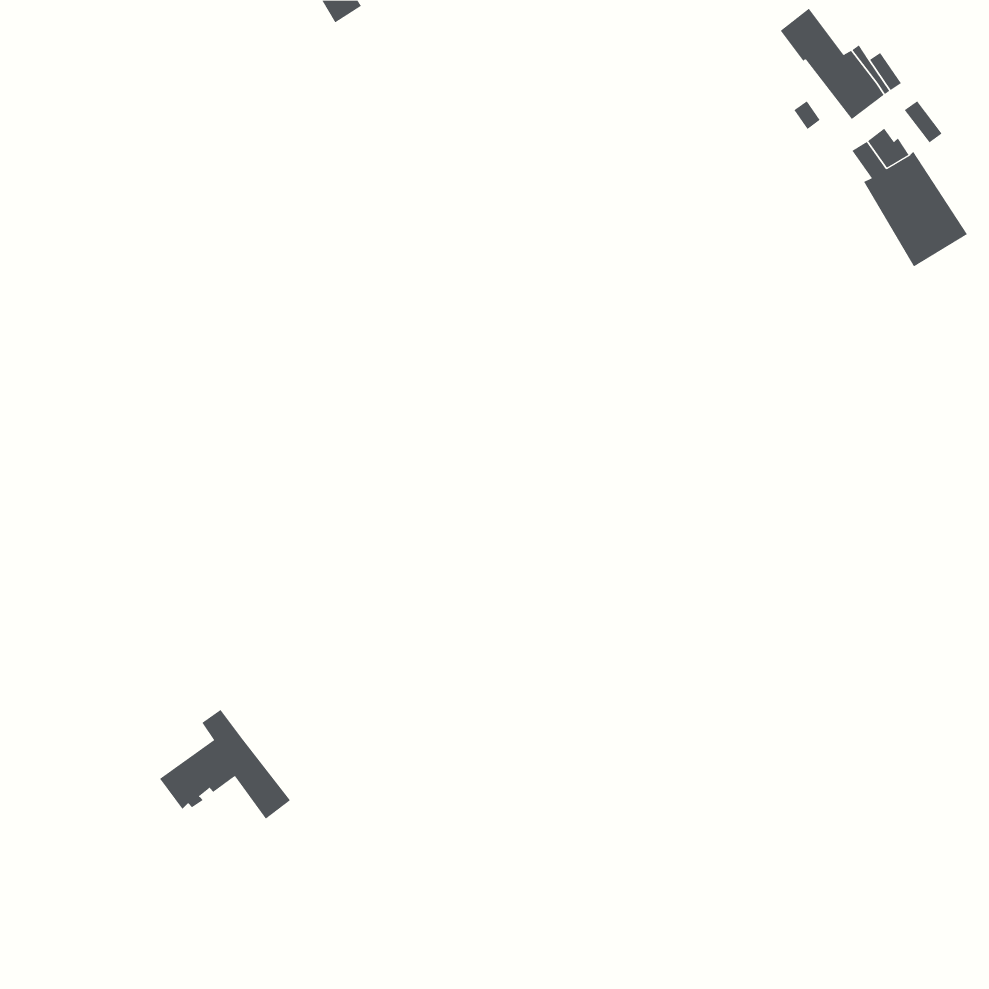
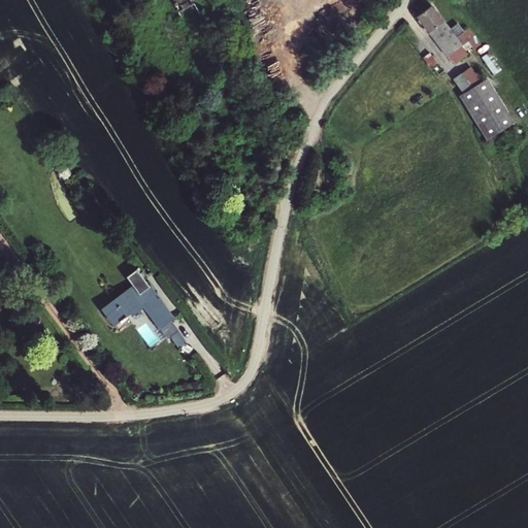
building: [159,709,291,819] -> [103,269,173,328]

